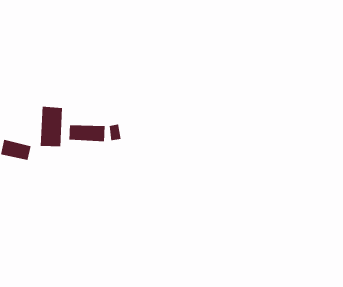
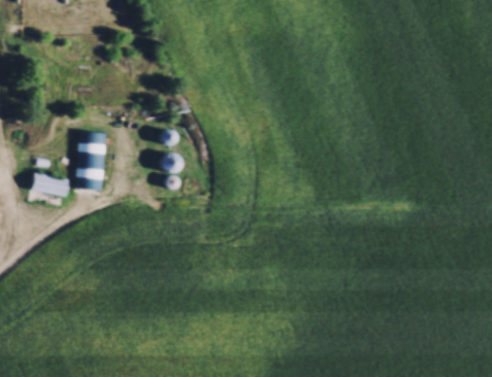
building: [69,125,105,142] -> none

